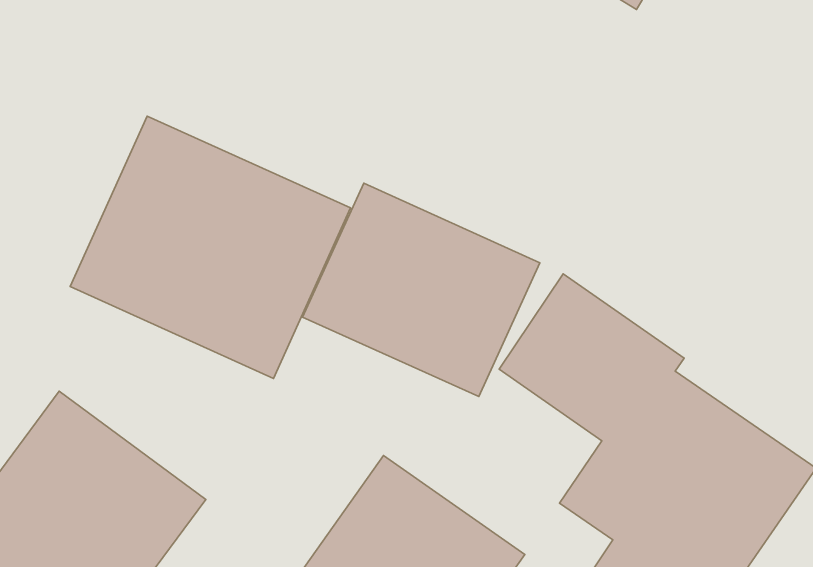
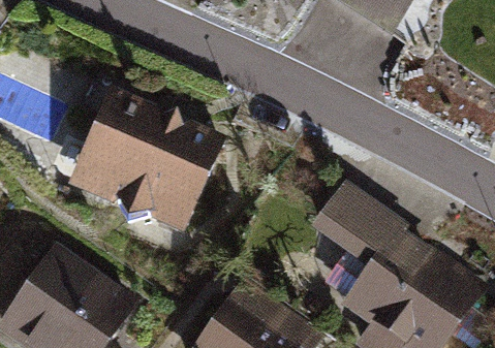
building: [302,183,540,397] -> none

